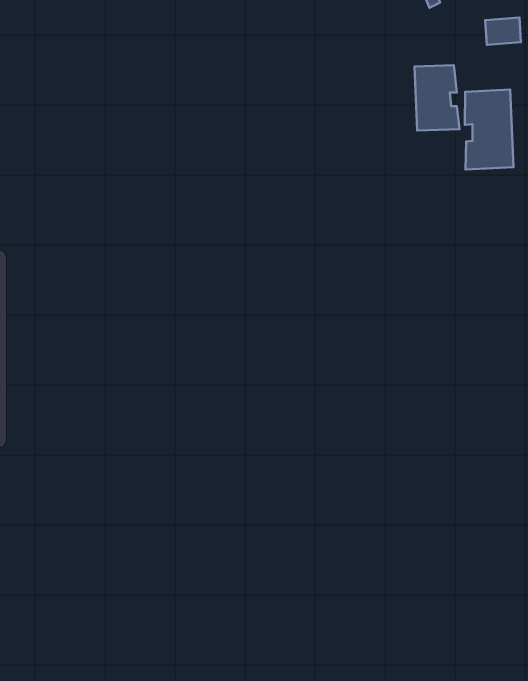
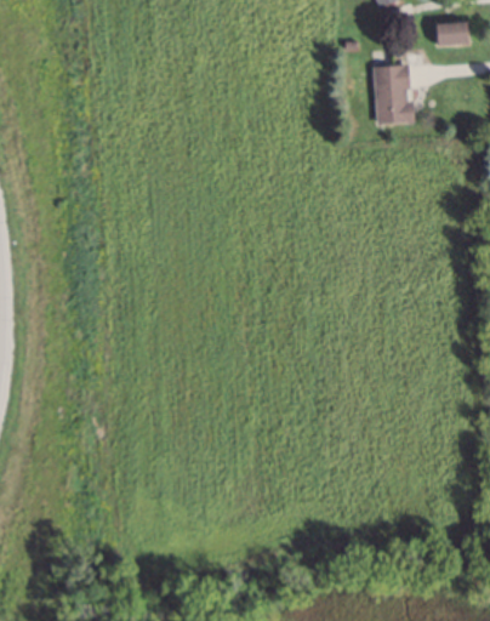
building: [465,90,514,170] -> none

